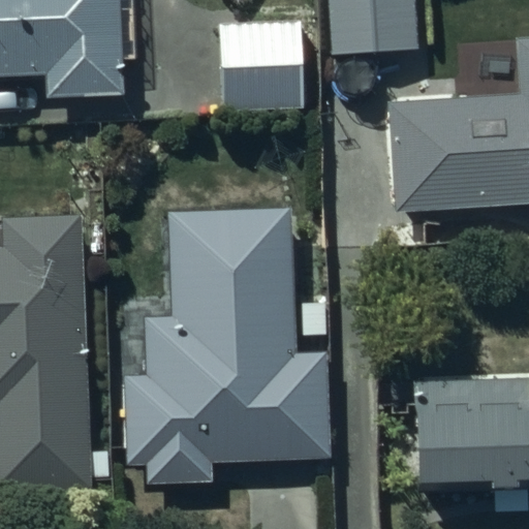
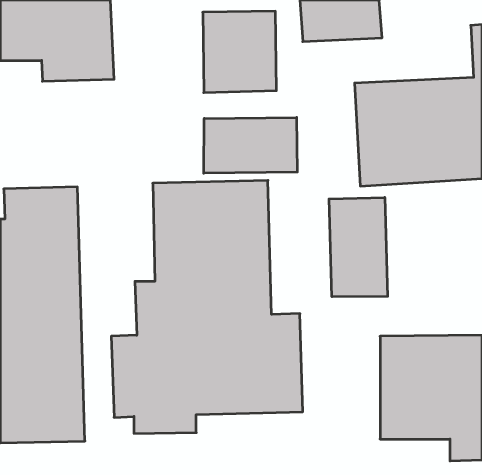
building: none -> [204,117,297,173]
building: none -> [329,197,388,297]

